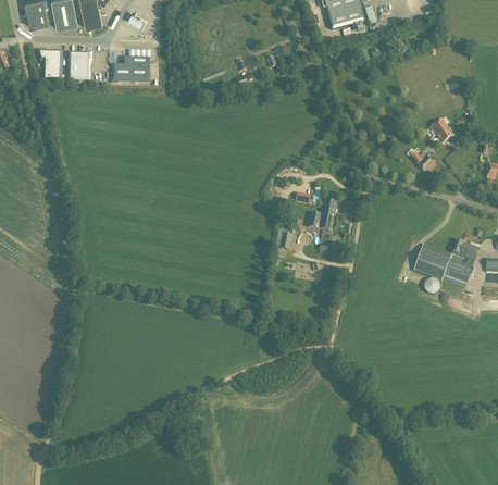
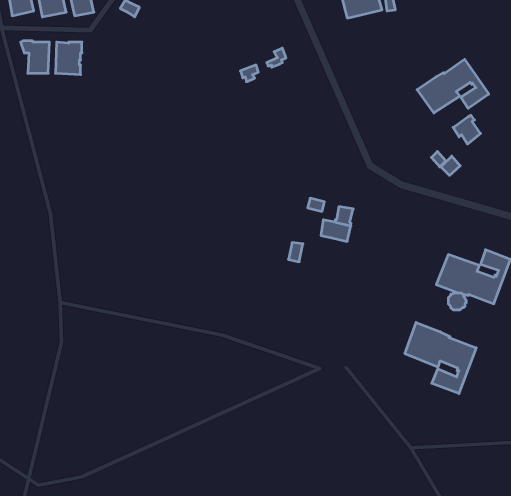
building: [111,57,149,80] -> none
building: none -> [417,59,489,113]
building: none -> [405,322,476,394]

